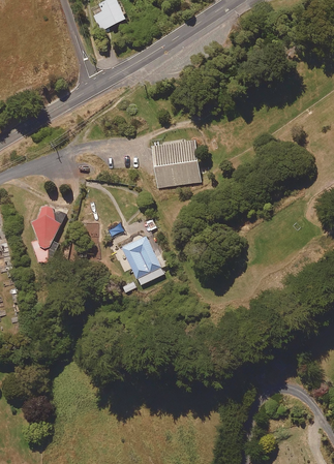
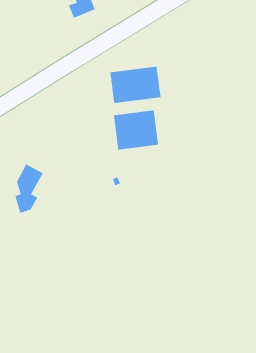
building: none -> [110,66,161,104]
building: [121,235,168,285] -> none

